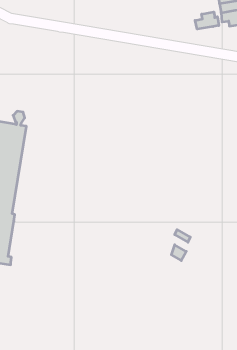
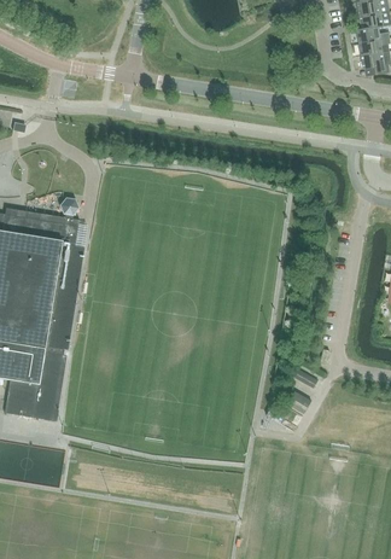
building: [195,12,219,29] -> none

